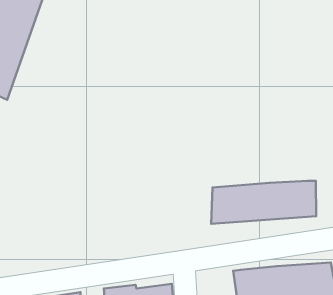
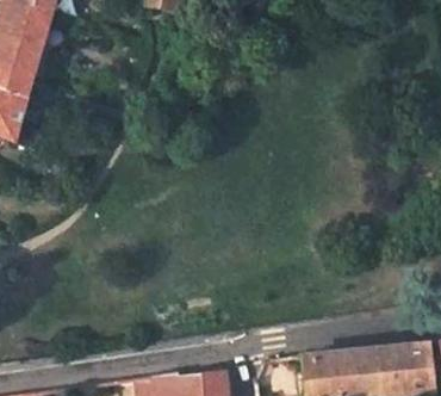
building: [211,181,316,224] -> none

